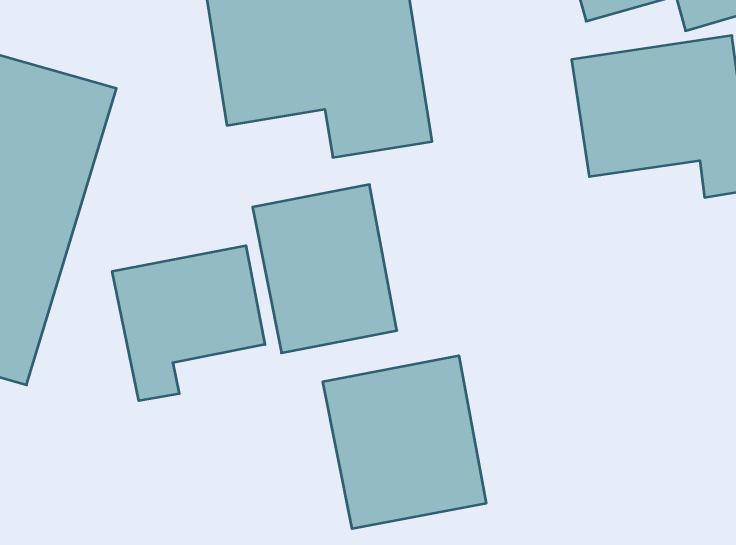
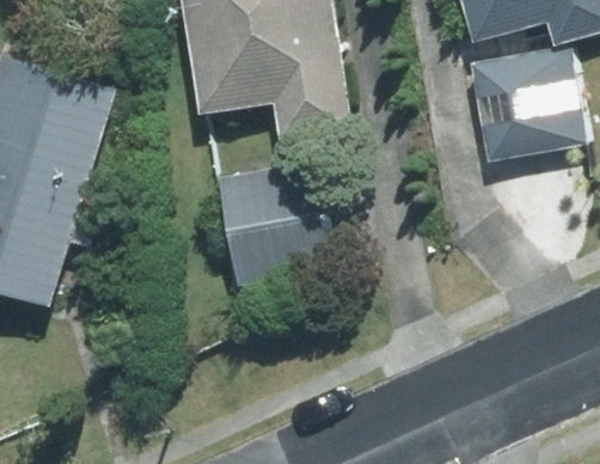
building: [112,246,265,401] -> none
building: [323,356,486,529] -> none

